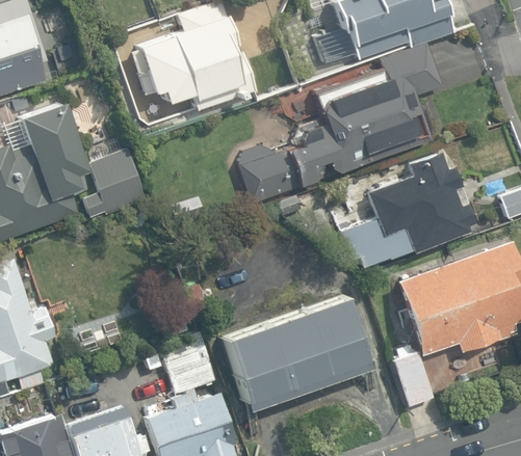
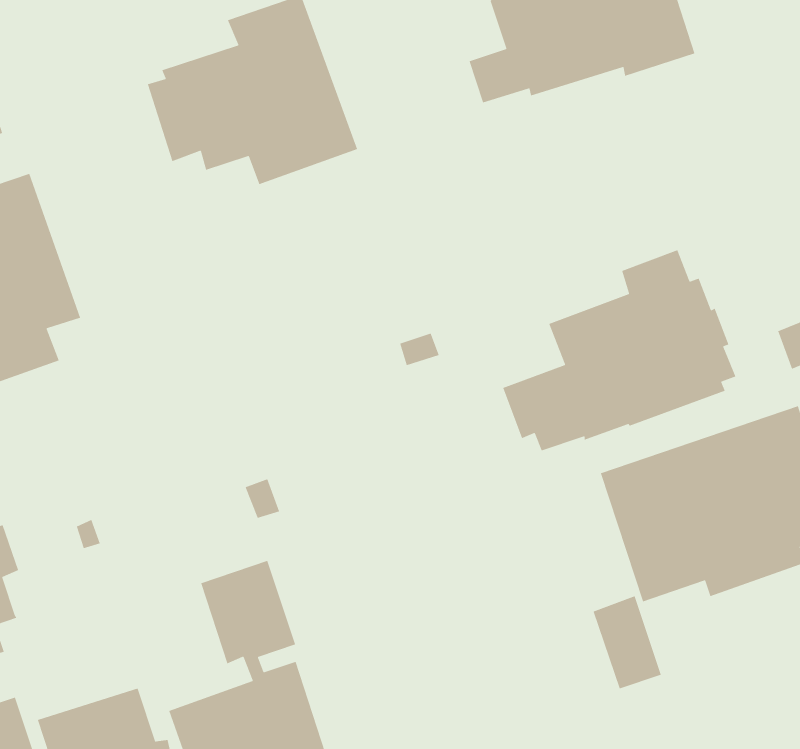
building: [240,45,443,203] -> none
building: [81,149,148,218] -> none
building: [225,294,373,410] -> none

